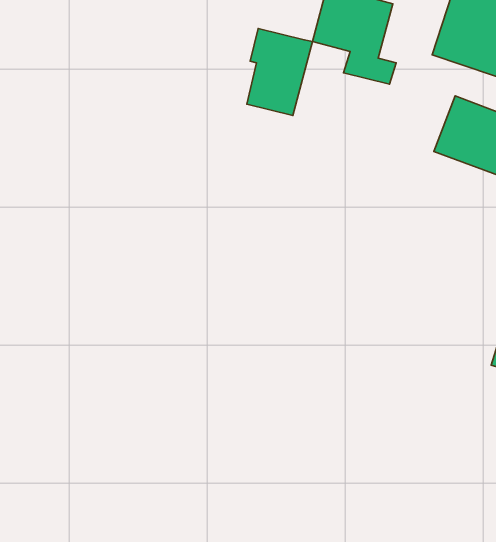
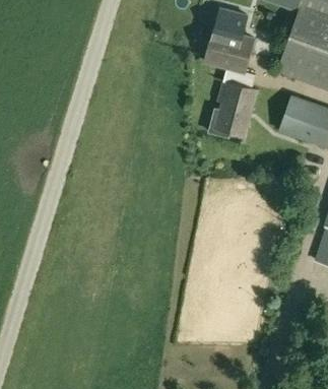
building: [247,28,312,115] -> [216,81,257,135]

